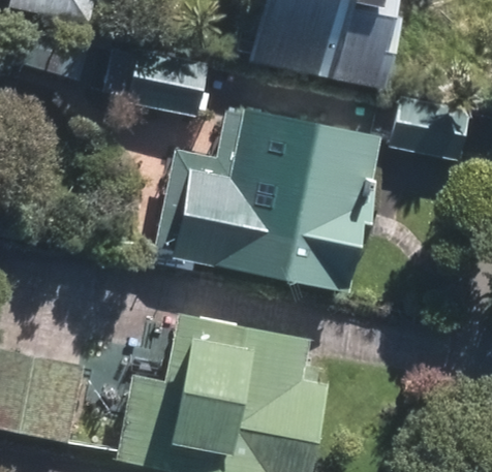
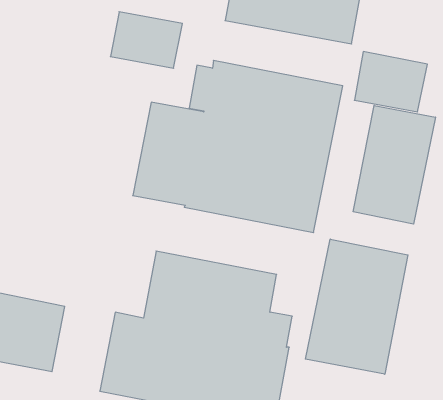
building: none -> [353,105,435,224]
building: none -> [305,239,408,374]

